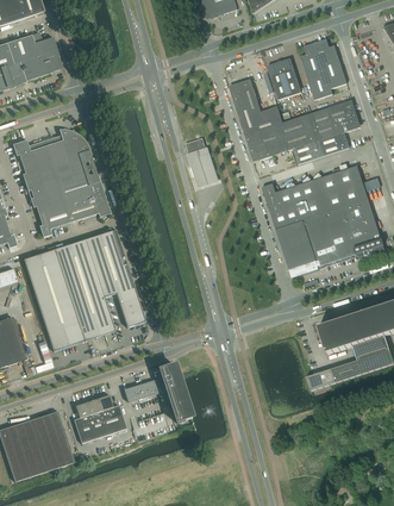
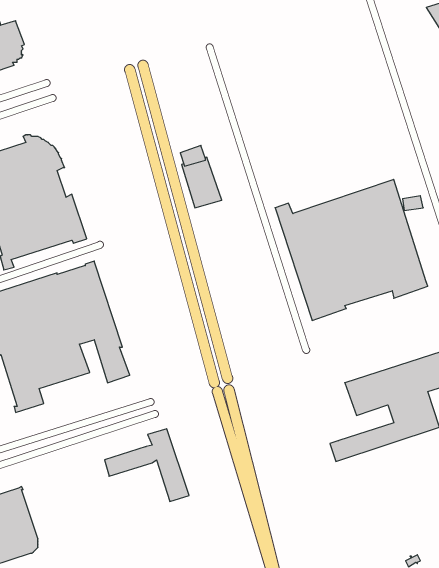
building: [300,38,345,99] -> none
building: [267,57,300,99] -> none
building: [231,79,356,164] -> none
building: [73,394,126,443] -> none

